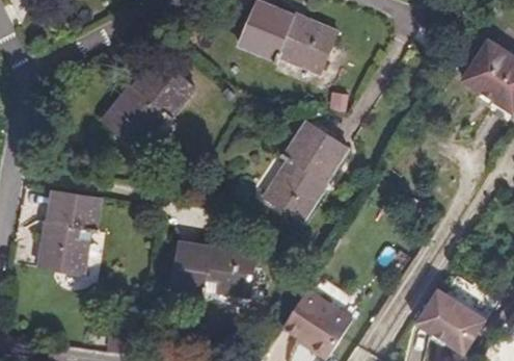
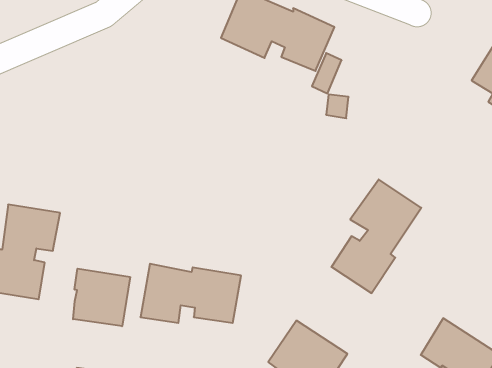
building: [101,57,192,146] -> none
building: [267,124,346,224] -> [331,179,421,293]
building: none -> [73,269,130,326]

